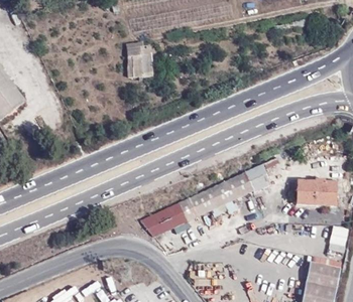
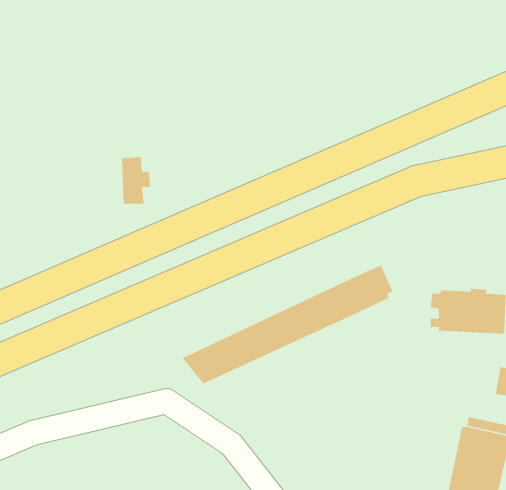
building: [131,48,149,78] -> [121,156,151,205]

